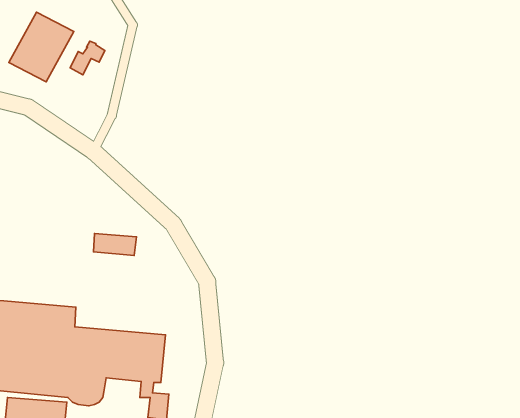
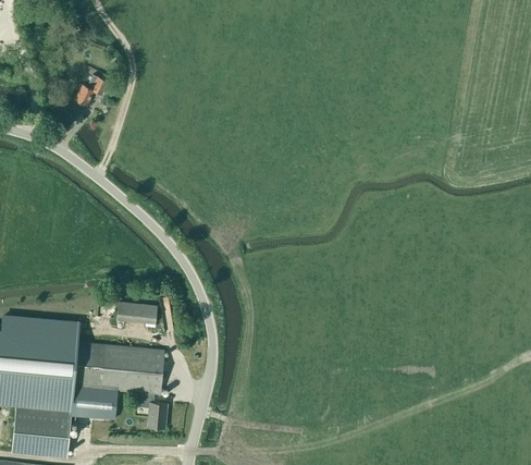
building: [9,12,74,82] -> none
building: [93,233,136,255] -> [116,302,157,322]

